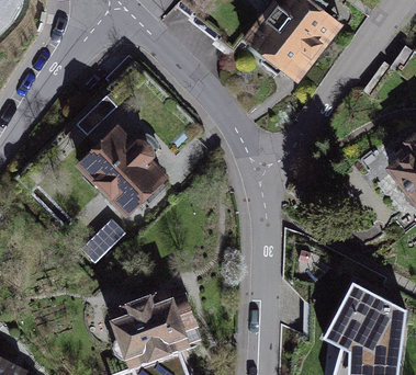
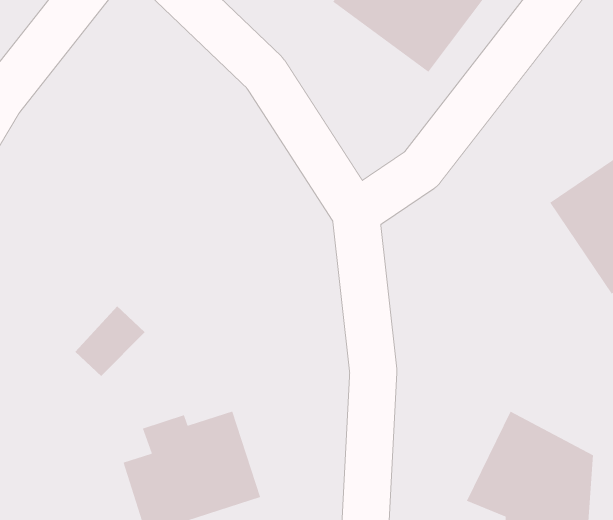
building: [79,126,172,220] -> none

